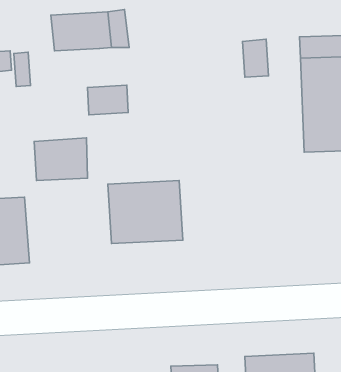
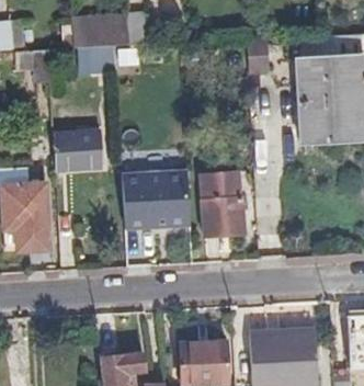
building: [88,85,128,115] -> [79,48,116,76]
building: none -> [204,172,247,236]

